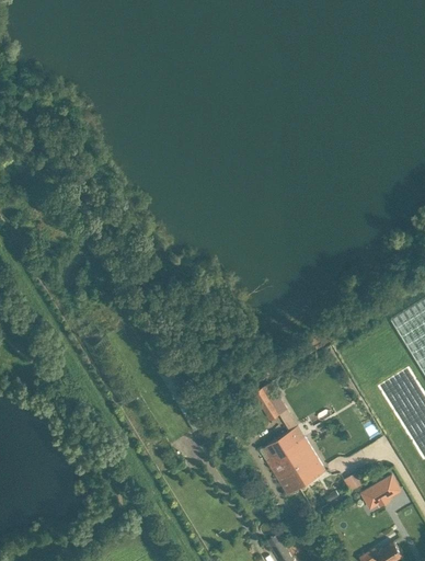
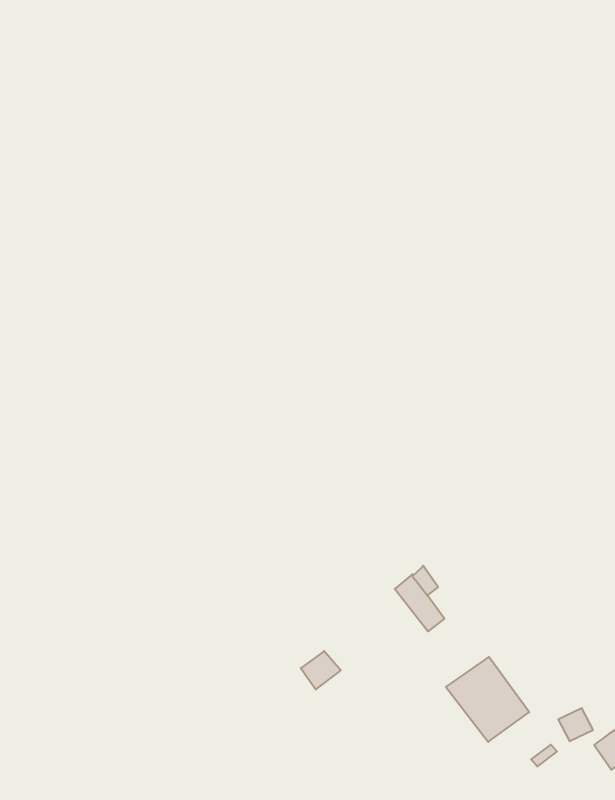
building: [263,431,300,494] -> none

